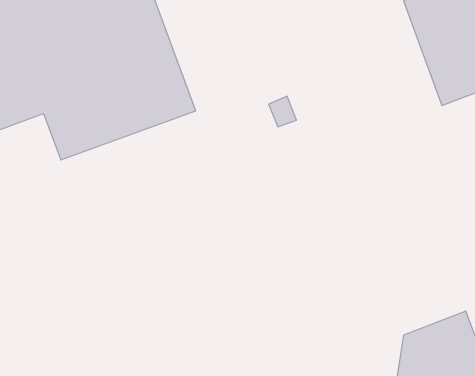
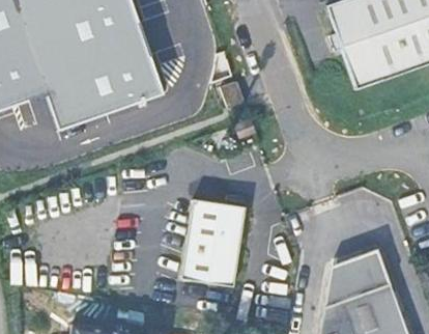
building: none -> [183,199,246,286]

